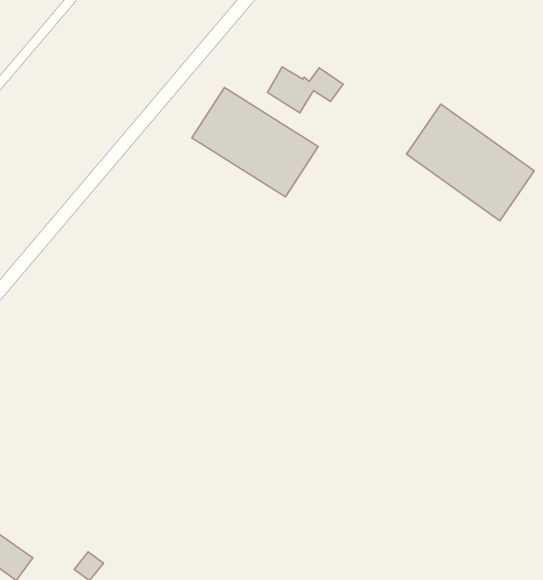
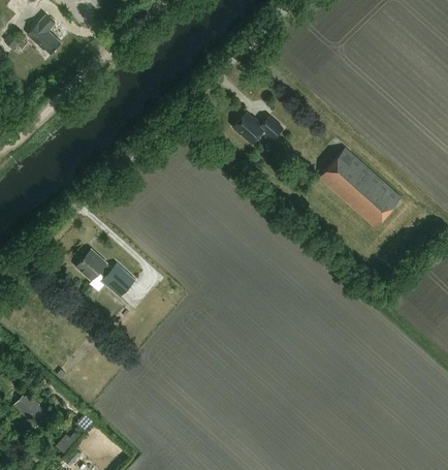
building: [192,87,318,197] -> none
building: none -> [75,248,135,296]

